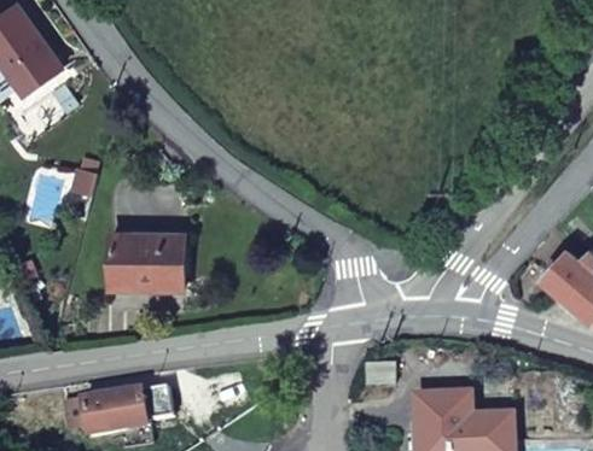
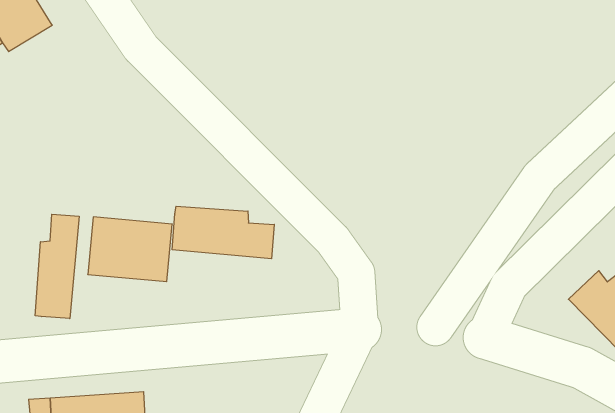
building: none -> [172,206,274,259]
building: none -> [35,214,79,319]

